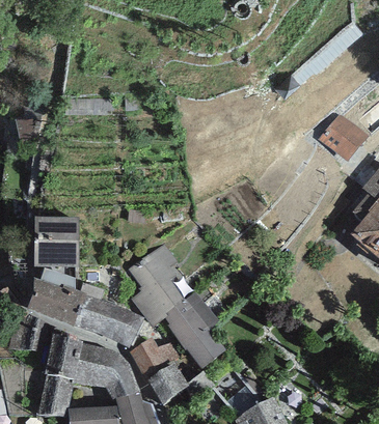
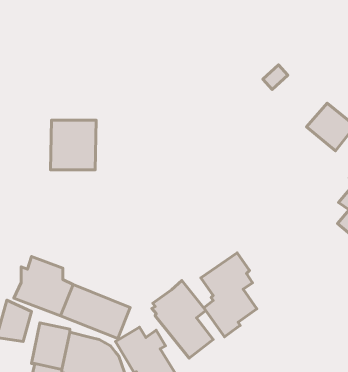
building: [33,217,79,266] -> [51,120,96,170]
building: [128,244,184,328] -> [201,253,257,337]

